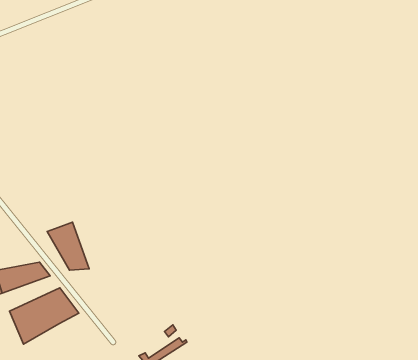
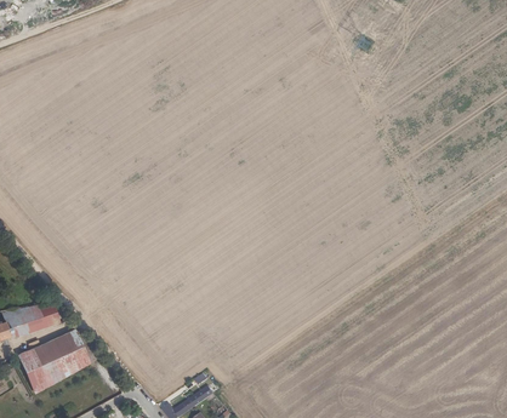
building: [47,222,89,270] -> none

